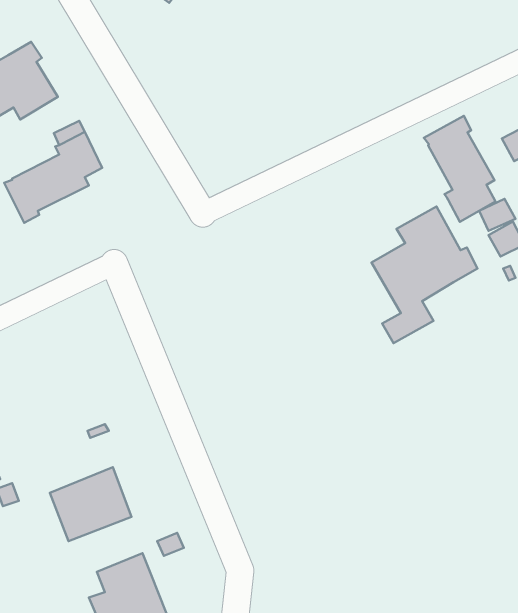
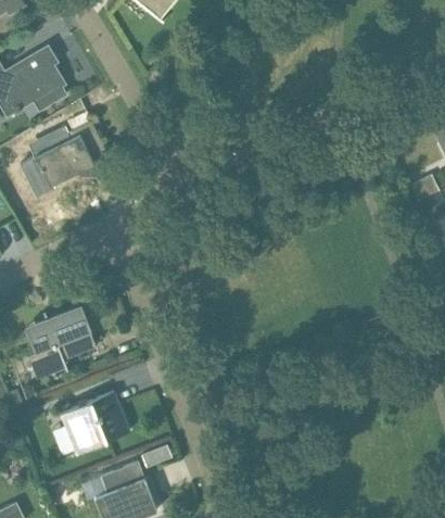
building: [424,116,495,222] -> none
building: [372,207,477,343] -> none
building: none -> [29,309,94,372]

